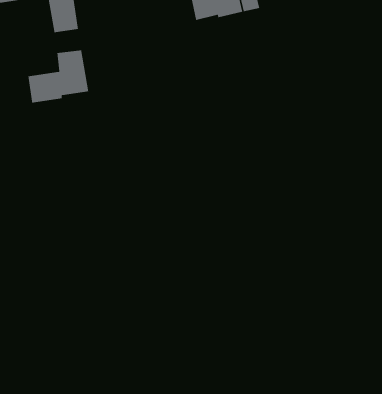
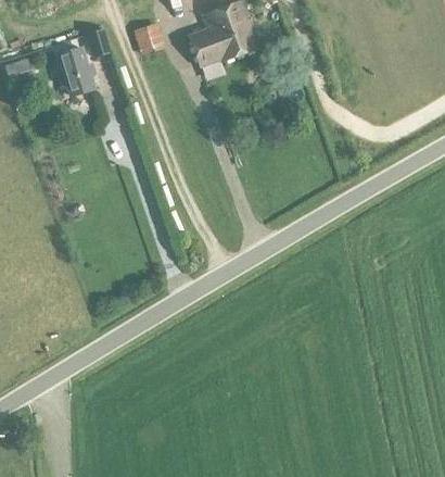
building: [28,50,89,104] -> none

